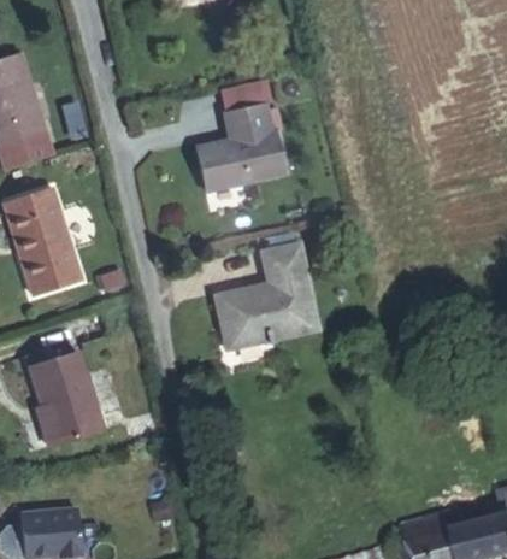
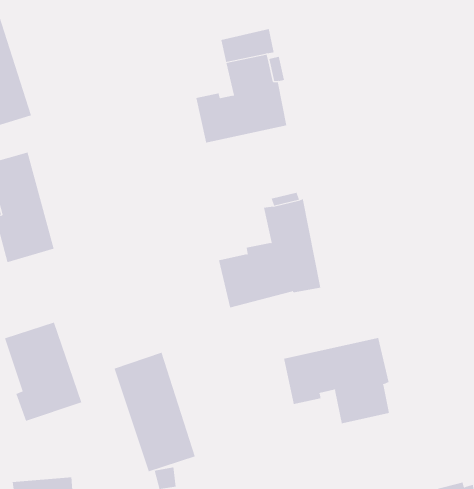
building: none -> [284,337,390,424]
building: none -> [114,352,195,472]

